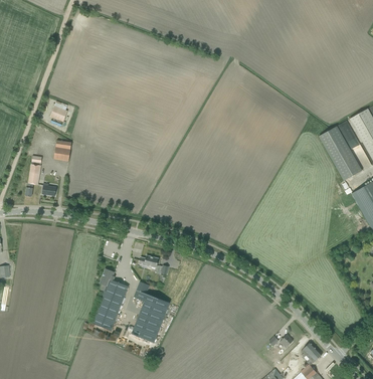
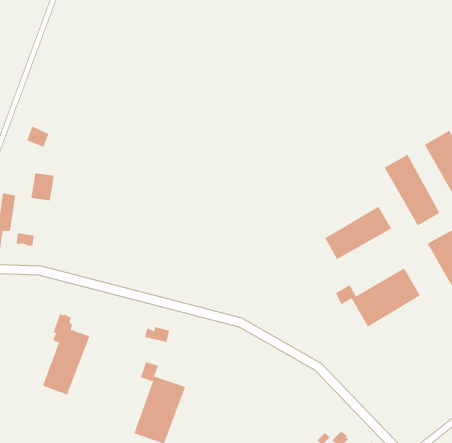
building: none -> [324,206,392,260]
building: none -> [335,268,420,328]
building: [91,269,128,331] -> [42,314,90,395]

